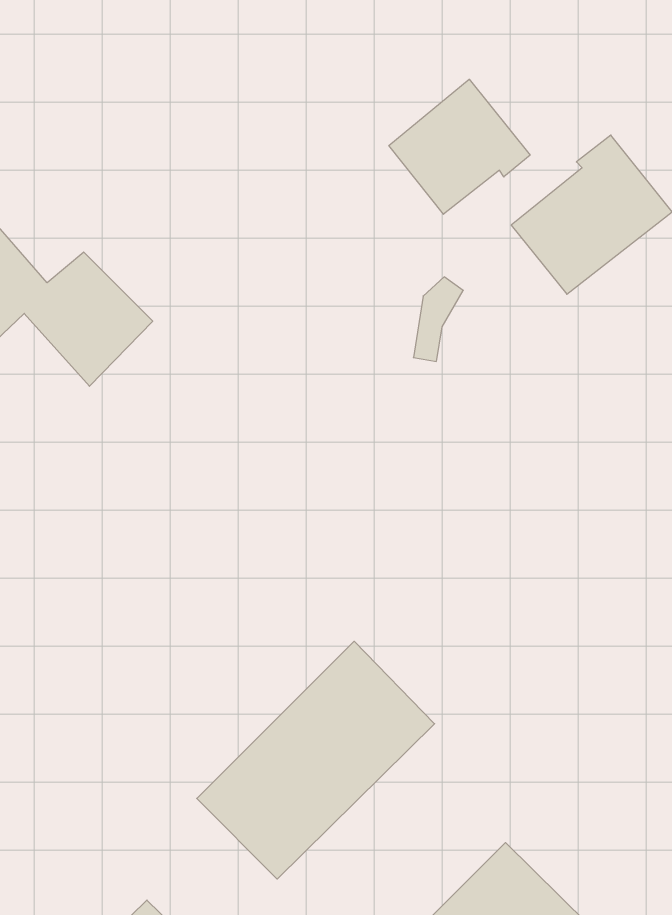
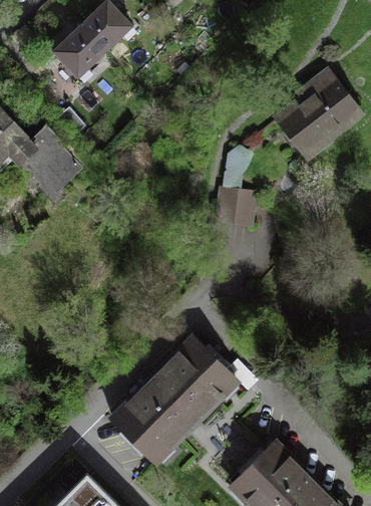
building: none -> [62,6,142,86]
building: [389,79,530,214] -> none
building: none -> [216,187,253,225]

